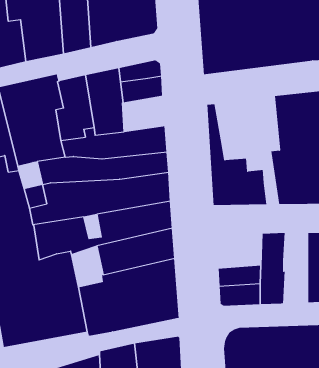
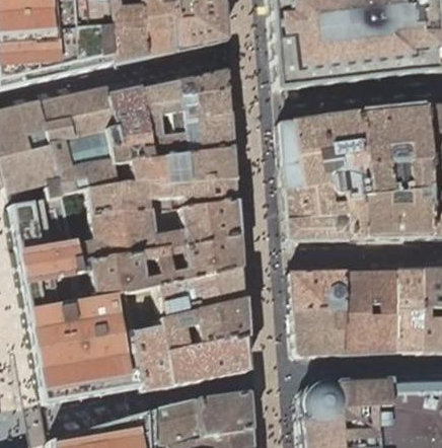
building: none -> [186,113,235,154]
building: none -> [293,113,367,238]
building: none -> [372,271,399,353]
building: none -> [293,272,347,312]

